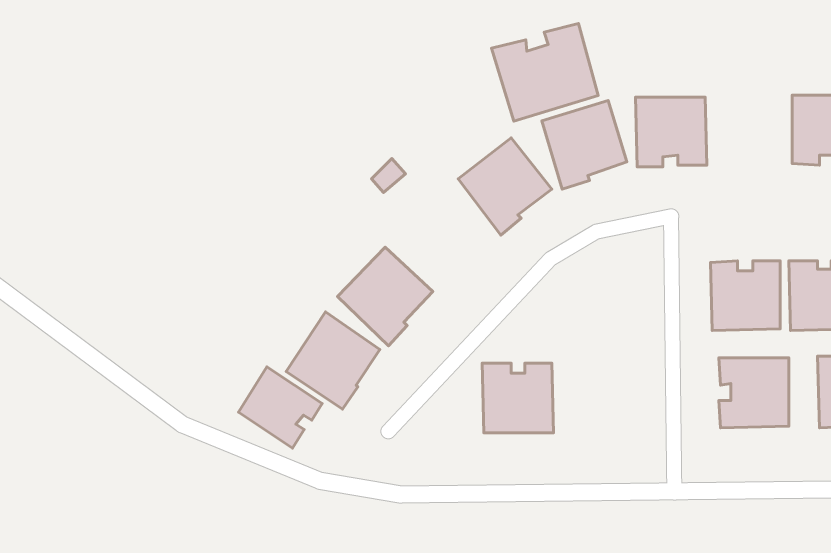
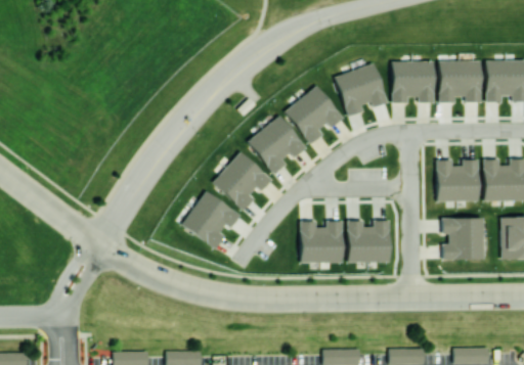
building: [491,24,598,121] -> none
building: none -> [439,60,481,102]
building: none -> [248,116,305,174]
building: none -> [347,220,390,263]
building: [238,367,322,448] -> none

